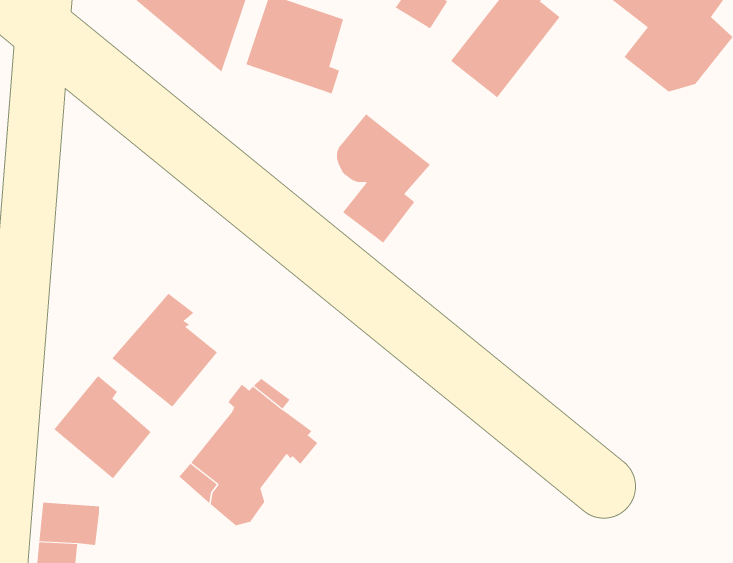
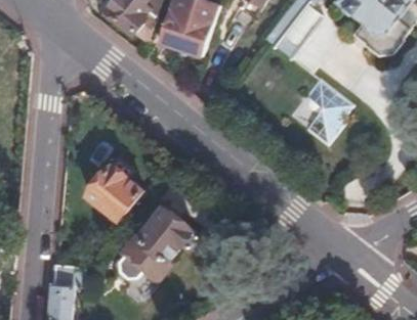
building: [336,114,431,244] -> [302,80,351,147]
building: [53,375,151,479] -> none

